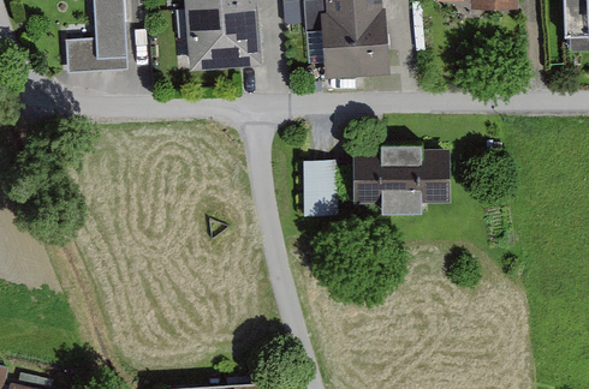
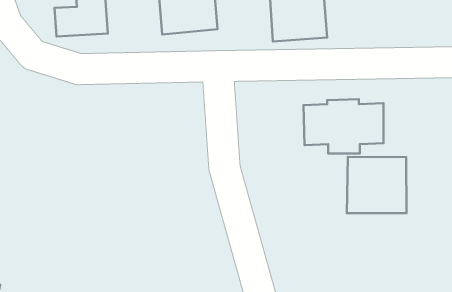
building: [305,162,337,217] -> none
building: none -> [347,157,406,213]

